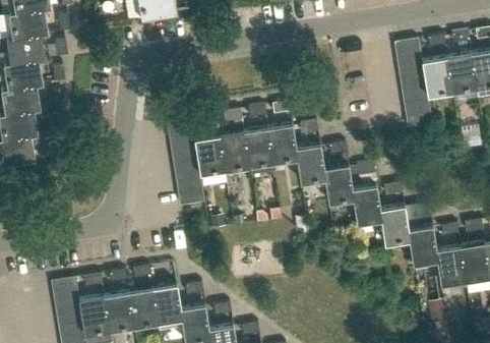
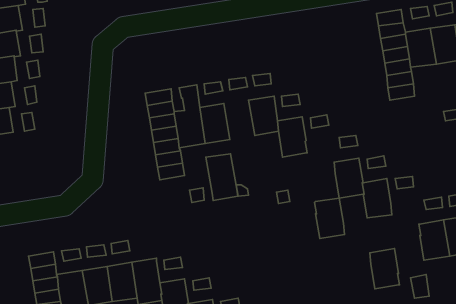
building: [244,129,275,175] -> [206,154,238,200]
building: [324,166,354,206] -> [315,198,344,238]
building: [409,227,438,267] -> [370,249,400,289]

